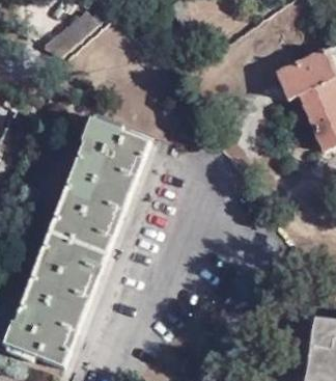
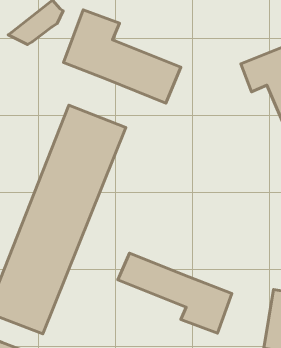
building: none -> [63,10,181,103]
building: none -> [118,253,232,333]

